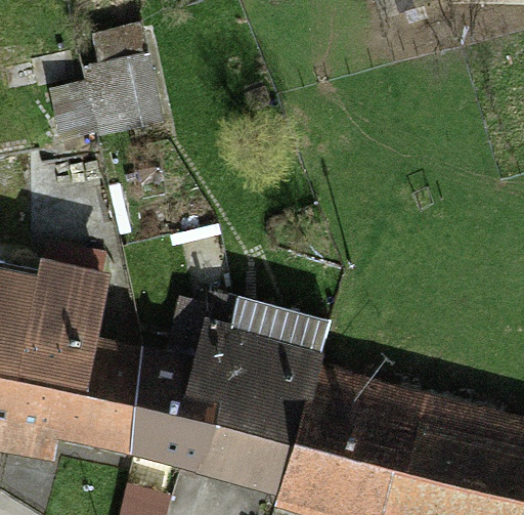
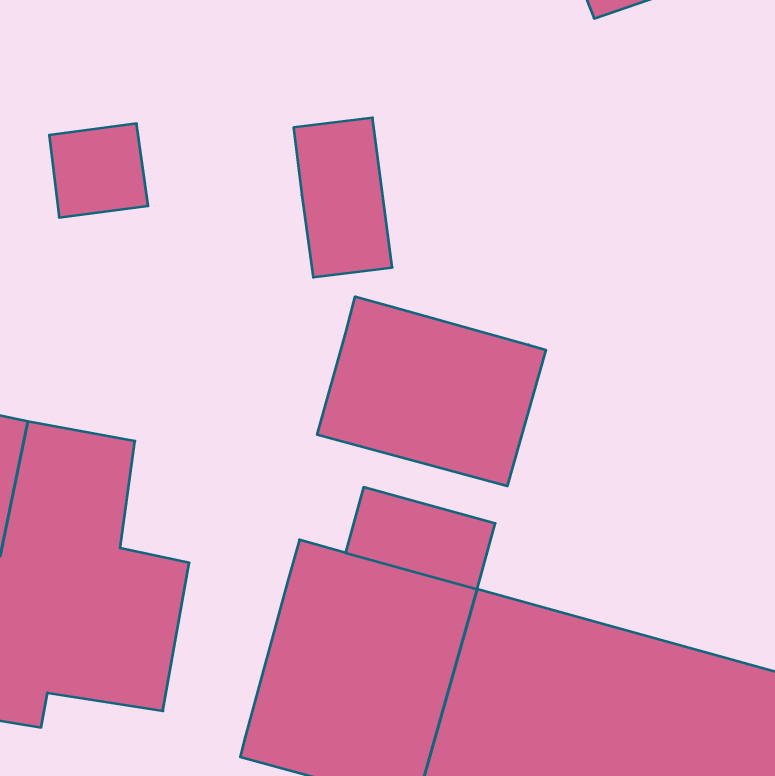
building: [95,31,157,130] -> [294,118,392,277]
building: none -> [317,297,546,486]
building: [117,352,194,461] -> none

